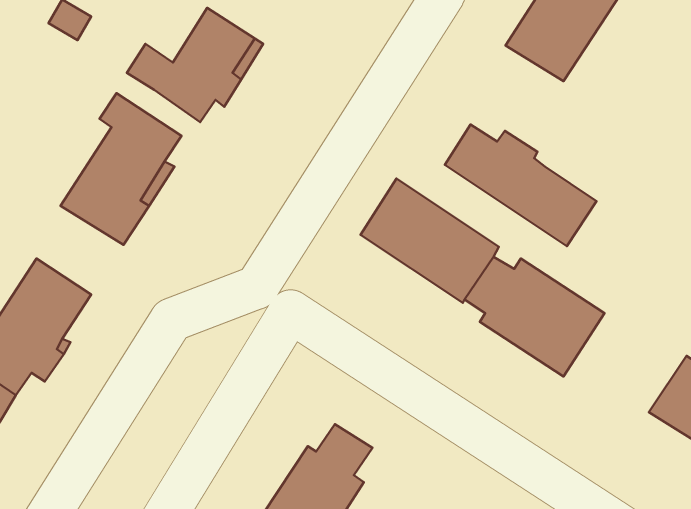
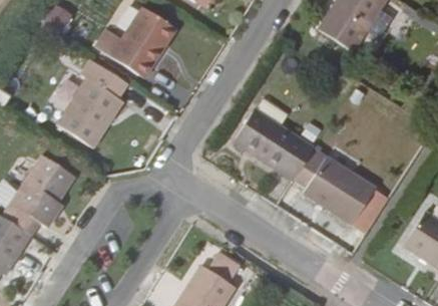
building: [445,124,597,246] -> none

